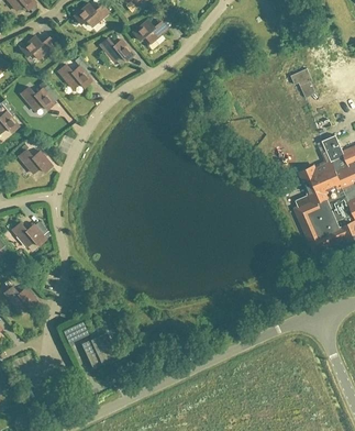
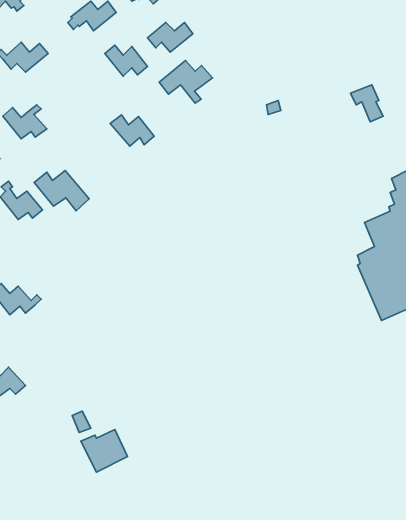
building: none -> [159,61,212,103]
building: [57,64,91,88] -> [110,115,154,146]
building: none -> [34,171,89,211]

